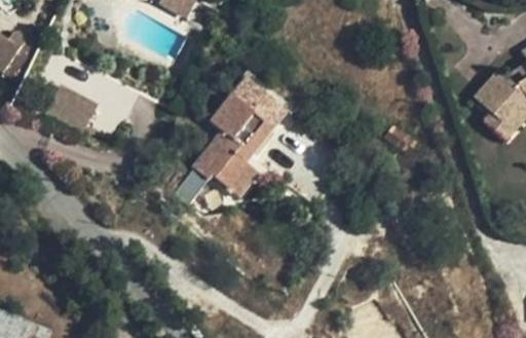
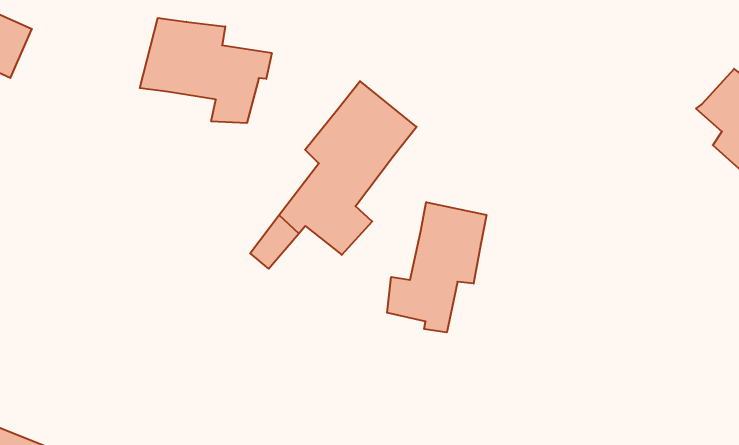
building: none -> [140,18,272,123]
building: none -> [387,202,486,332]

